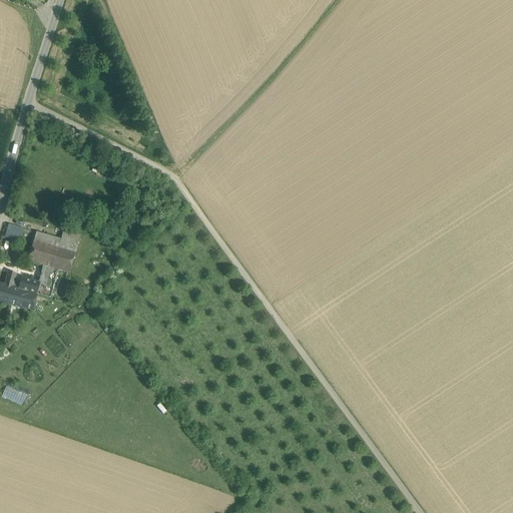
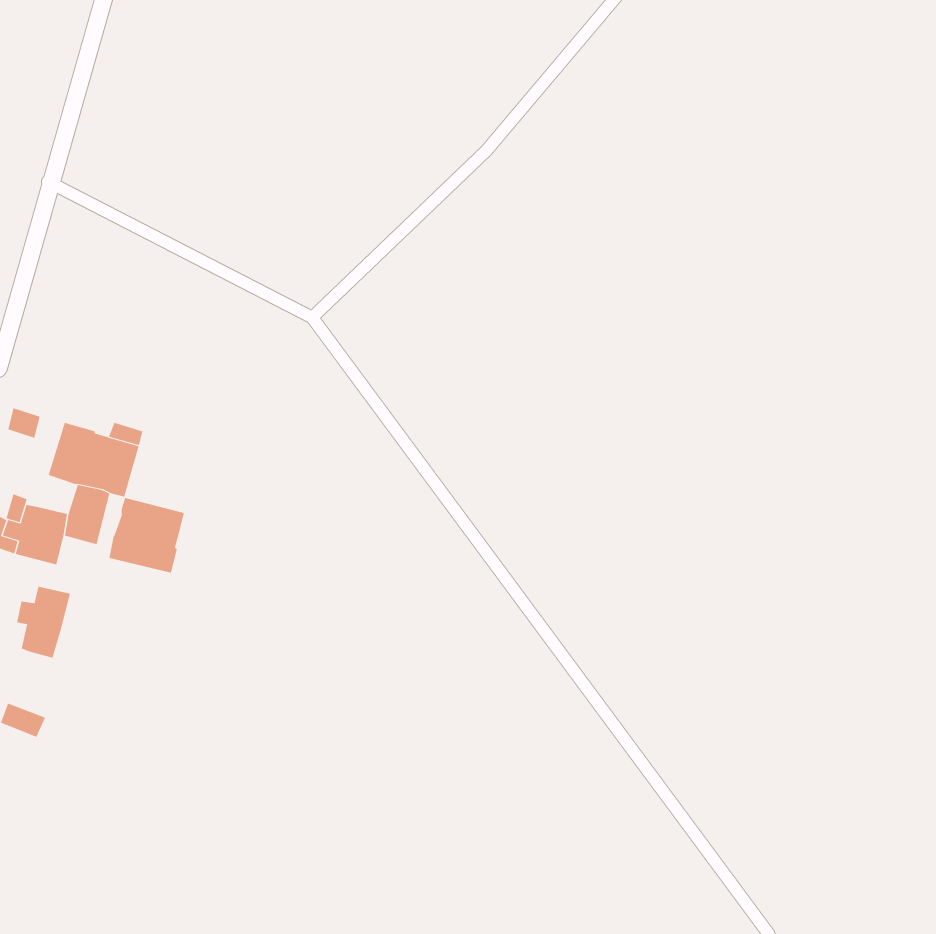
building: none -> [109,497,184,573]
building: none -> [17,586,70,659]

